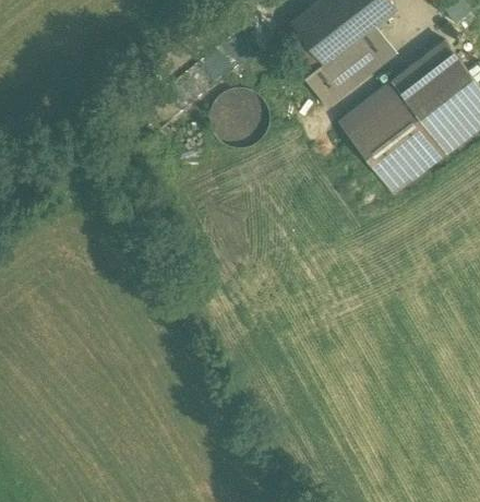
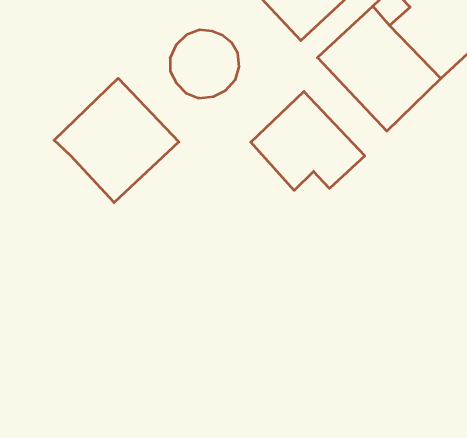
building: none -> [54,78,179,203]
building: none -> [251,91,365,190]

